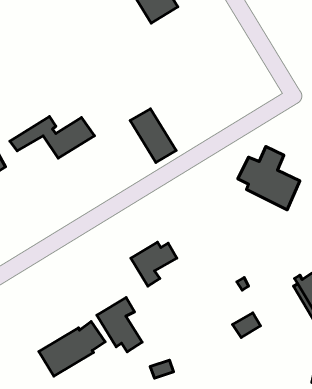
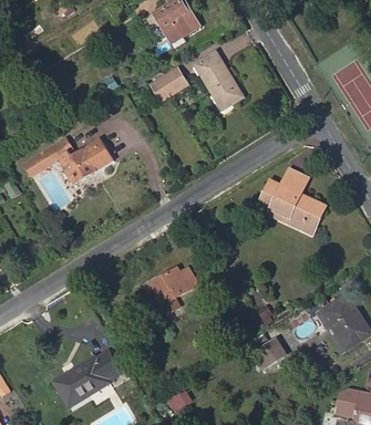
building: none -> [151,69,186,100]
building: [130,109,176,162] -> [194,52,241,107]
building: [97,297,142,352] -> none

